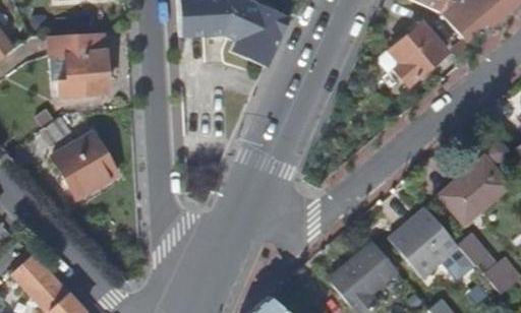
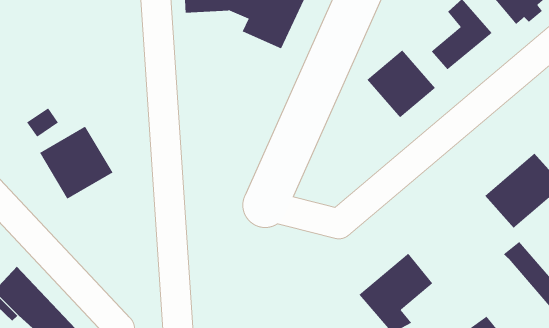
building: [49,33,107,96] -> none
building: none -> [367,50,436,118]
building: [391,208,462,279] -> none

